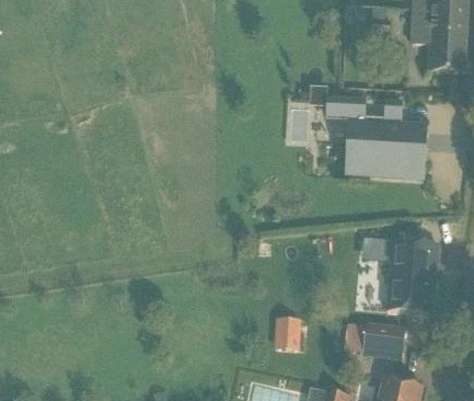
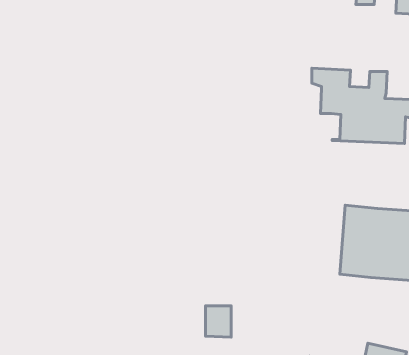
building: [275,314,301,346] -> [205,306,231,337]
building: [345,320,404,355] -> none

